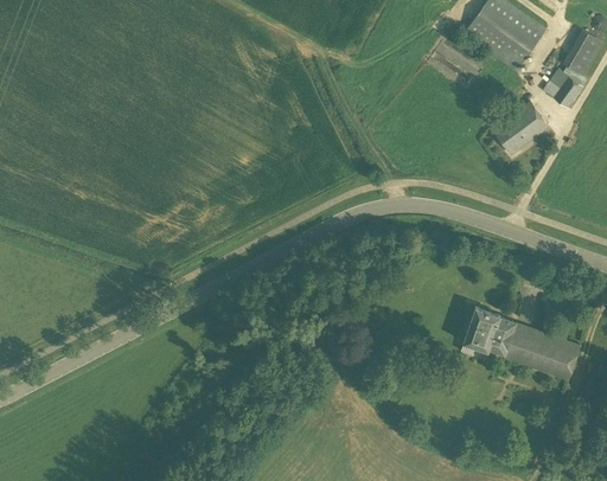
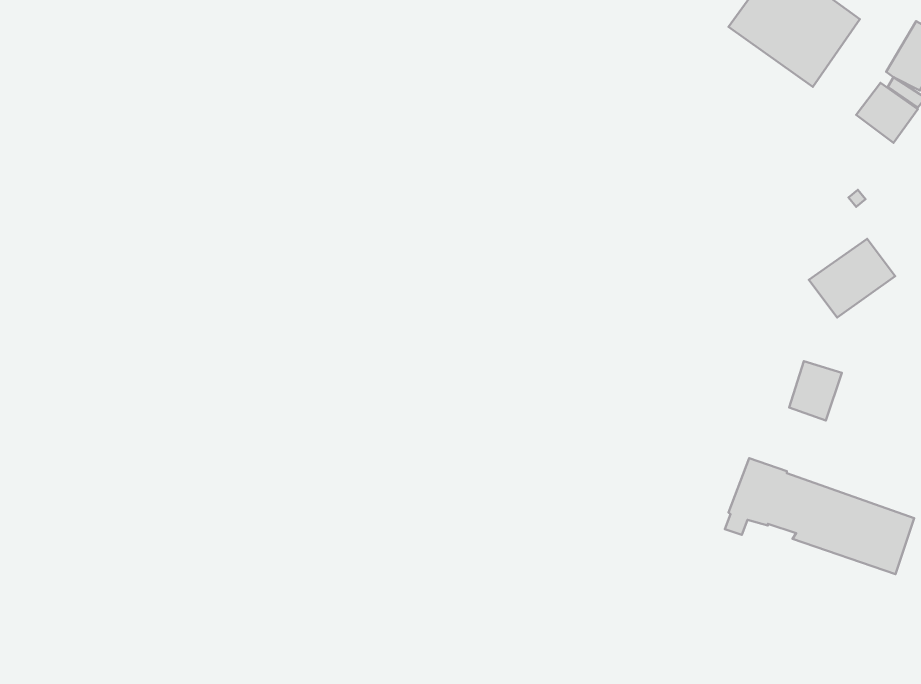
building: [494,102,549,152] -> [809,239,895,317]
building: none -> [789,361,842,421]

